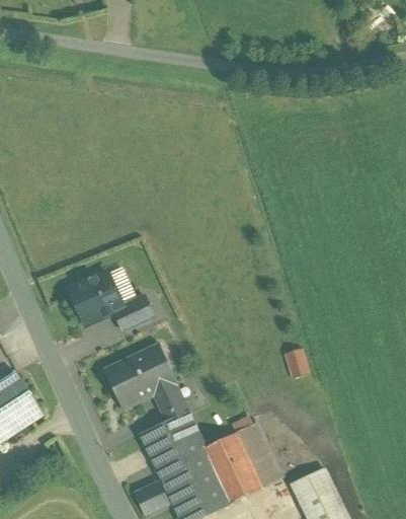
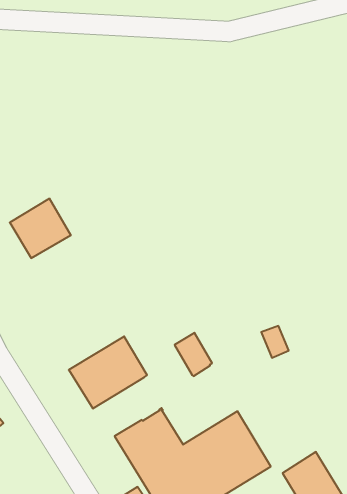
building: [68,272,123,324] -> [10,199,71,258]
building: [154,384,186,424] -> [175,333,212,376]

